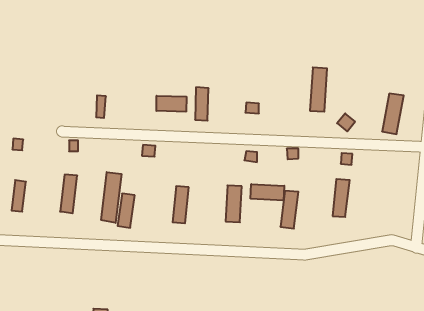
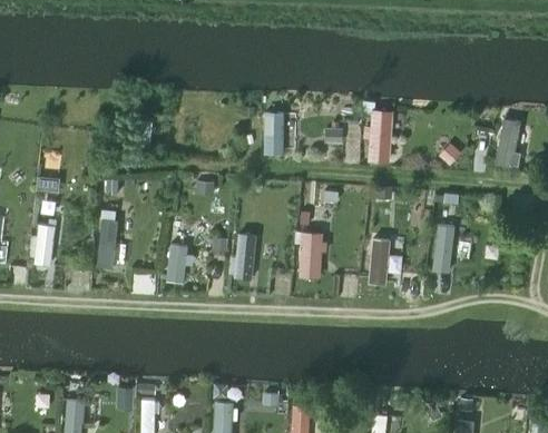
building: [310,67,327,112] -> [370,109,391,164]
building: [156,96,186,112] -> none
building: [101,172,121,223] -> none
building: [251,184,284,200] -> none

